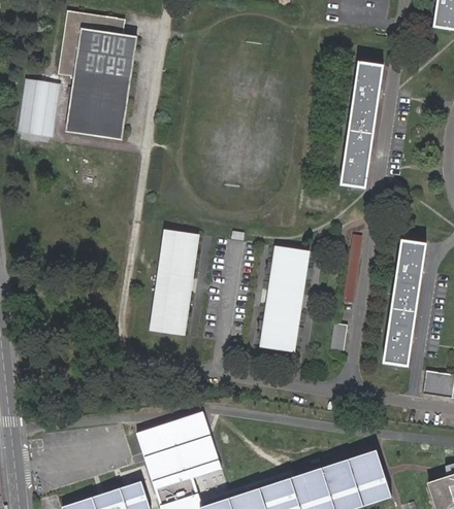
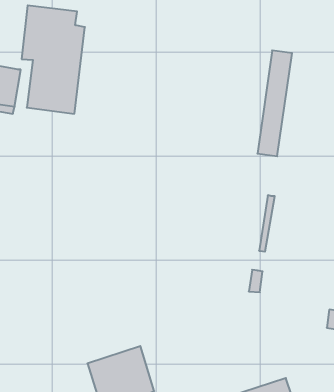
building: [152,229,199,335] -> none
building: [383,240,425,365] -> none
building: [262,245,310,352] -> none

